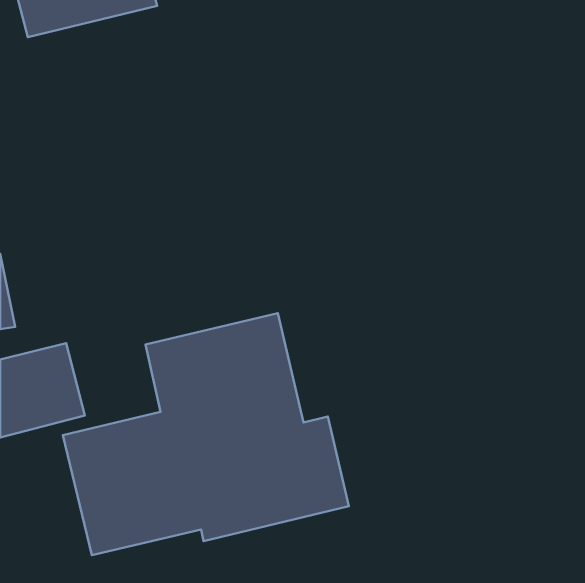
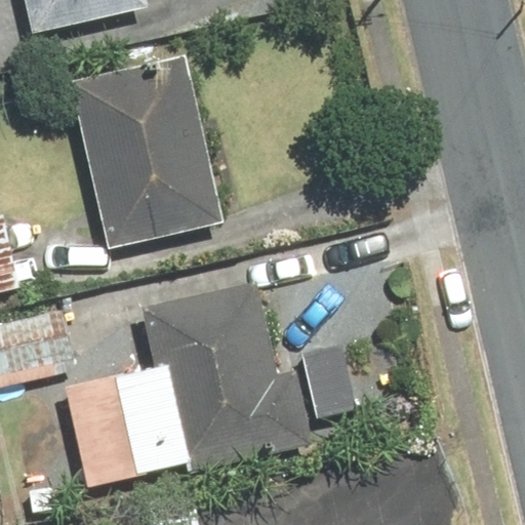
building: none -> [69,54,224,249]

